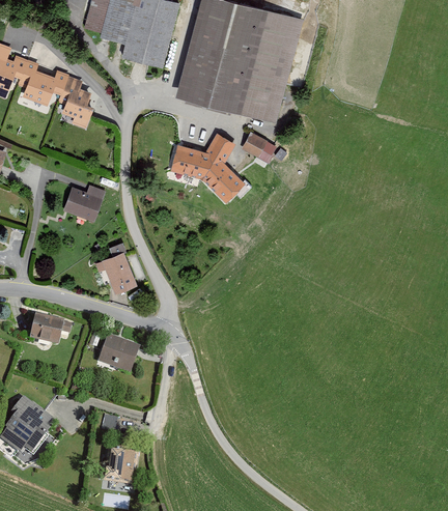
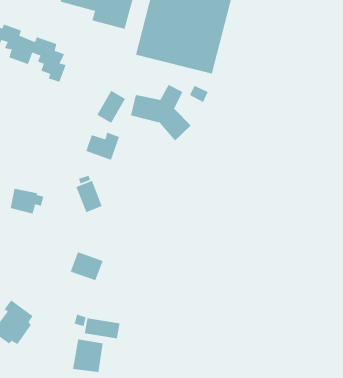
building: none -> [96,90,126,124]
building: [65,184,108,220] -> [85,132,120,161]
building: [28,314,71,346] -> [10,188,44,214]
building: none -> [84,317,120,339]

